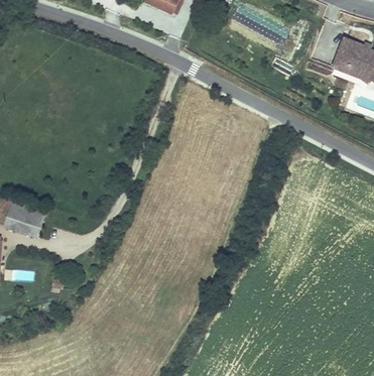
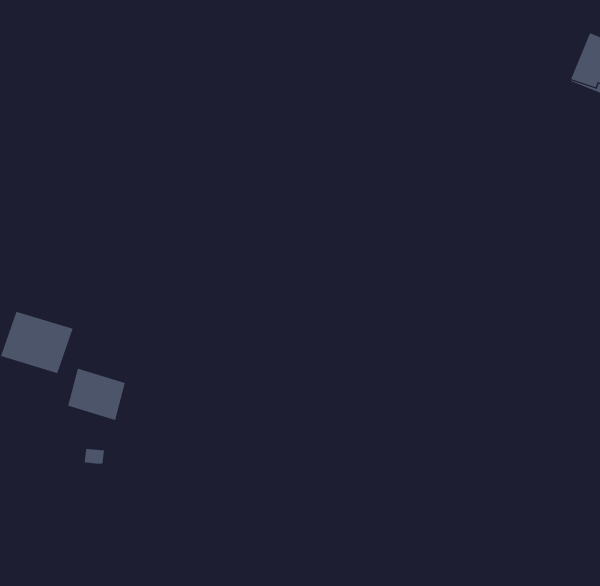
building: none -> [67,368,126,421]

